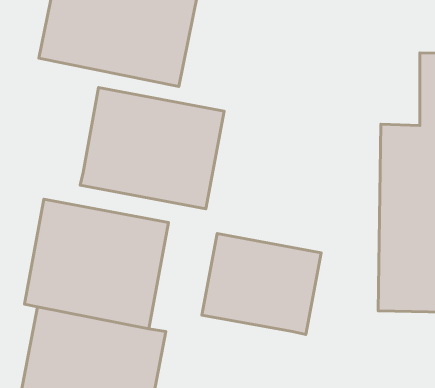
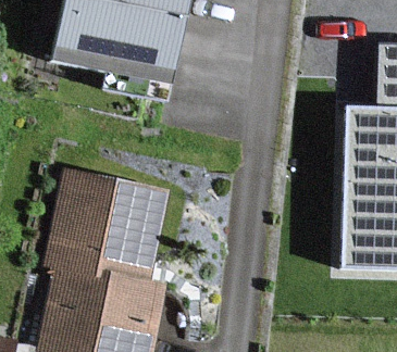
building: [80,88,224,209] -> none
building: [202,233,321,335] -> none

